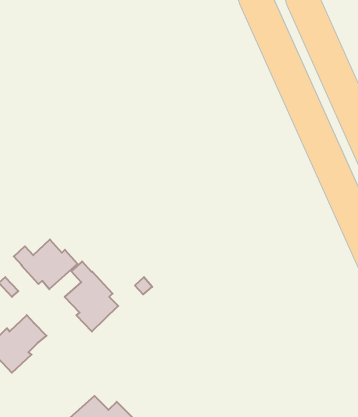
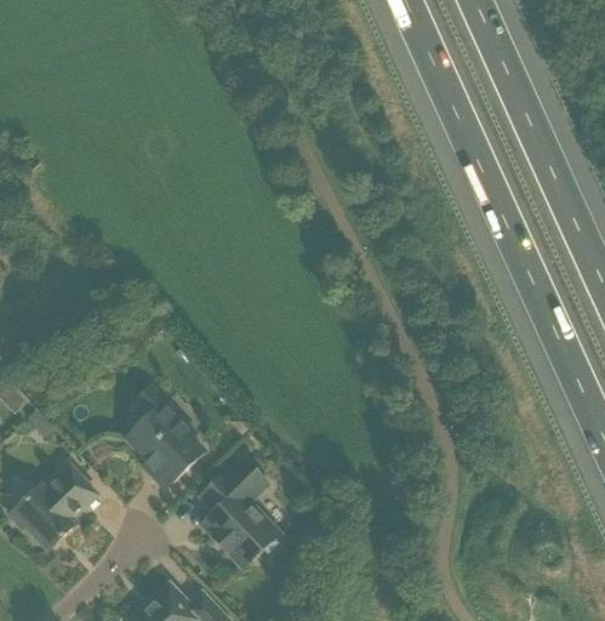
building: [14,239,78,289] -> none
building: none -> [198,457,279,569]

